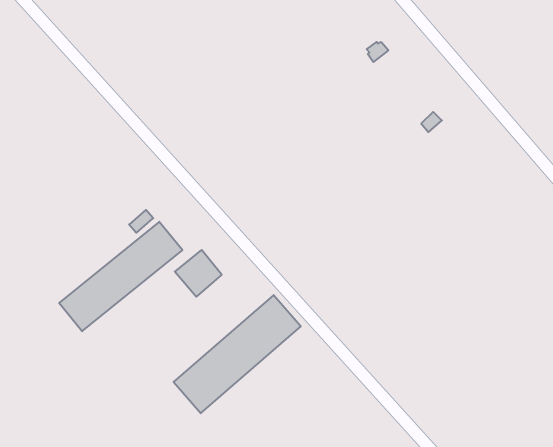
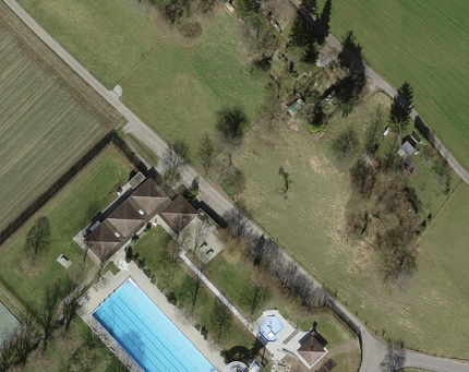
building: [174,295,301,413] -> none

